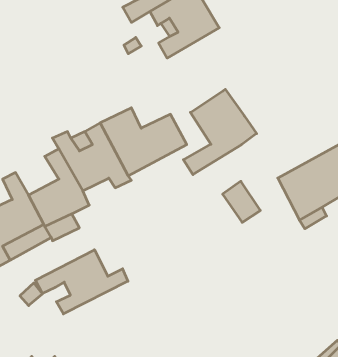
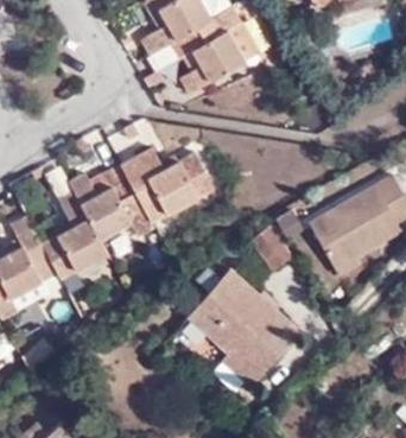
building: [183,89,257,175] -> none
building: none -> [188,269,302,391]
building: [35,250,128,314] -> none

